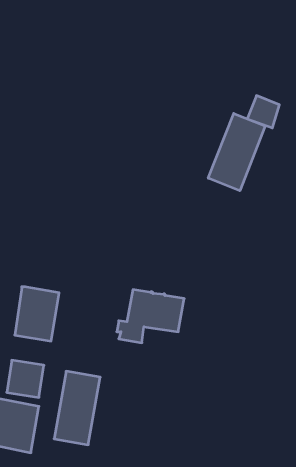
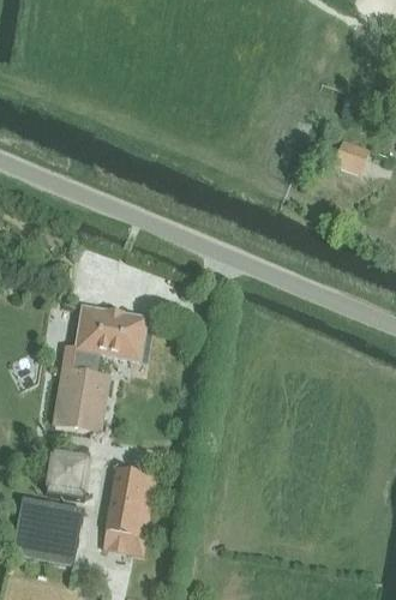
building: [208,113,265,191] -> none
building: [117,290,184,343] -> [64,306,144,370]

